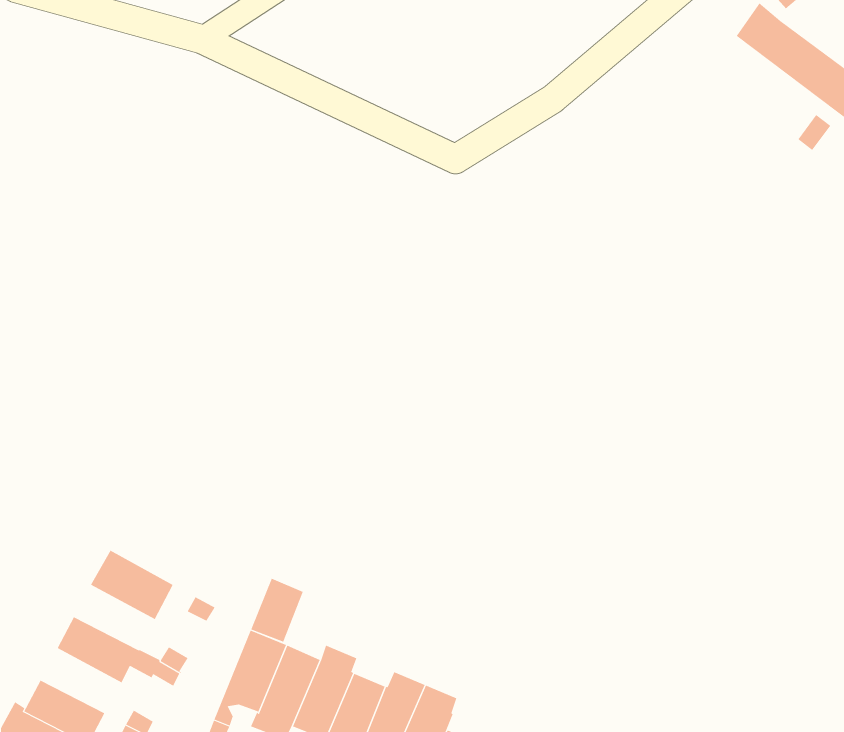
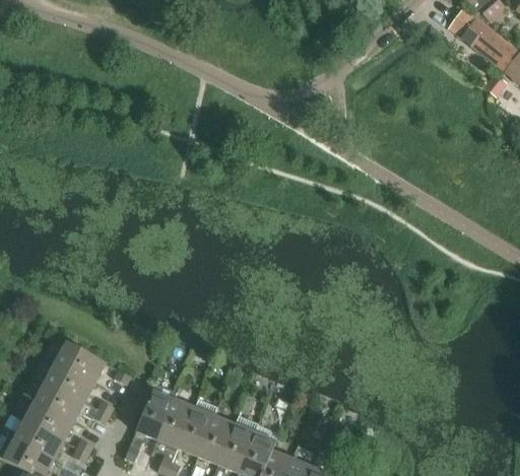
building: [250,578,303,642] -> none
building: none -> [45,361,94,401]
building: none -> [24,400,74,439]

